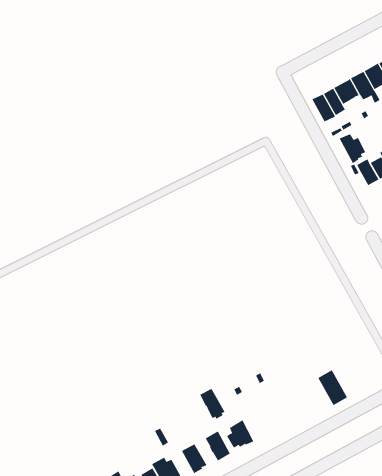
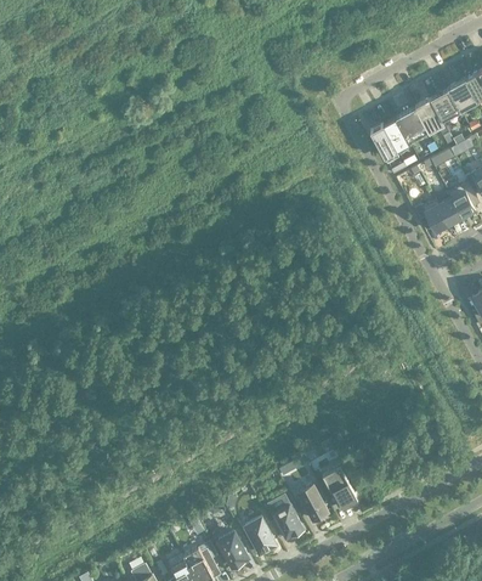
building: [339,133,366,164] -> none
building: [318,369,348,406] -> [323,467,358,509]
building: [199,388,225,419] -> [299,485,329,521]

